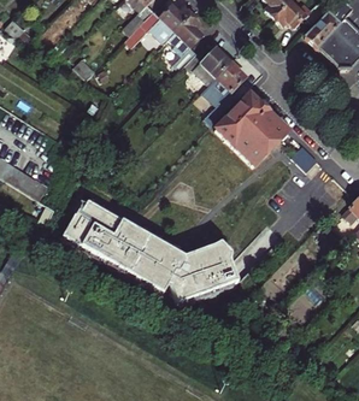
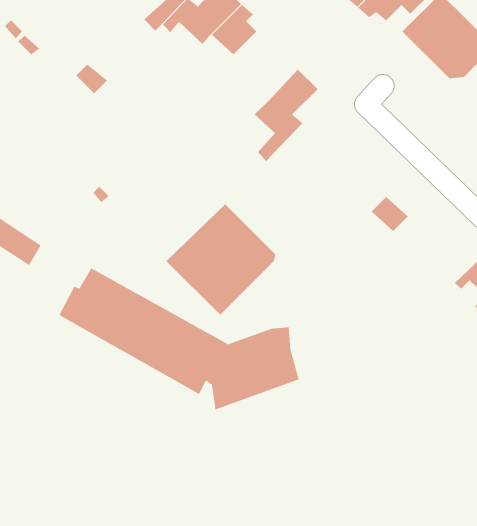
building: [188,41,231,84] -> none
building: [207,93,286,172] -> [166,204,276,316]

